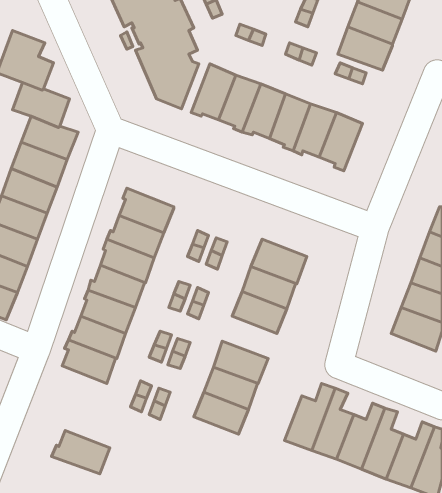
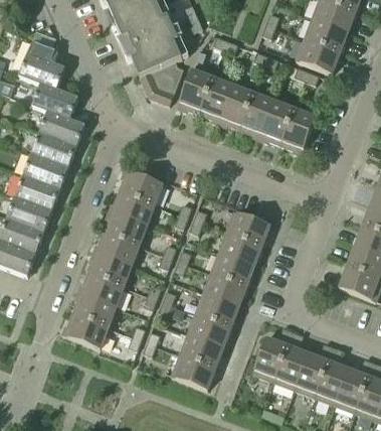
building: none -> [202,272,246,306]
building: none -> [171,353,215,389]
building: [52,430,110,474] -> [61,312,109,347]

